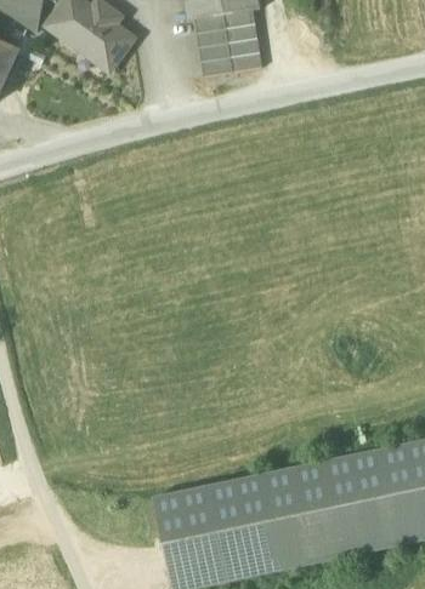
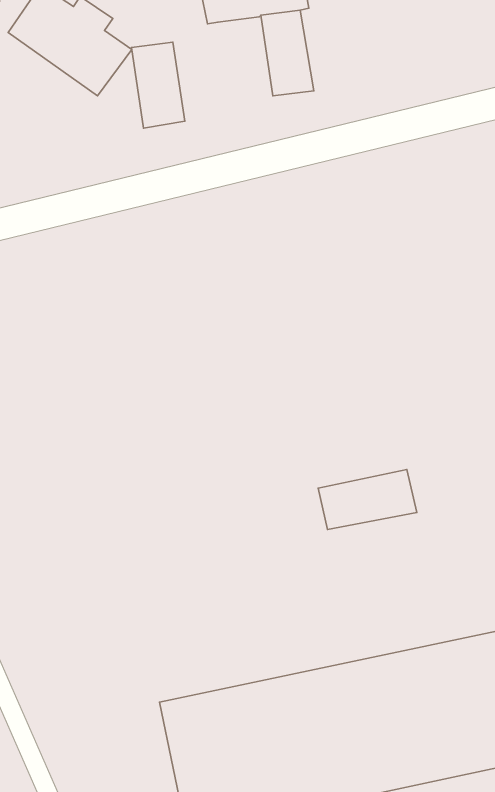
building: [194,13,232,74] -> [132,42,185,128]
building: none -> [318,469,417,529]

